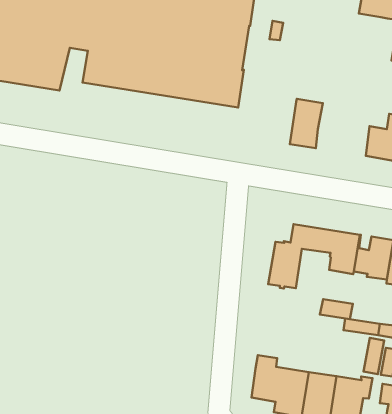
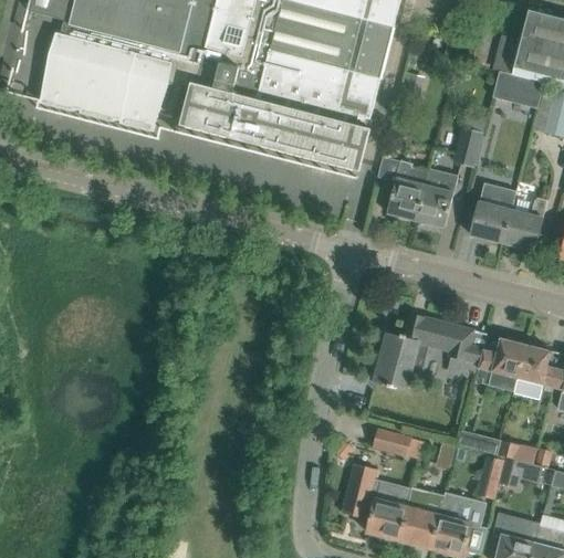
building: none -> [492,73,543,110]
building: none -> [452,129,482,169]
building: none -> [386,160,427,220]
building: none -> [470,182,515,242]
building: [320,299,353,319] -> [372,429,411,455]

